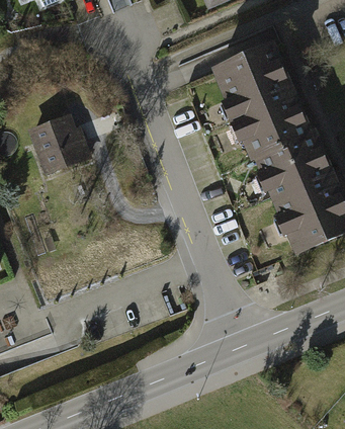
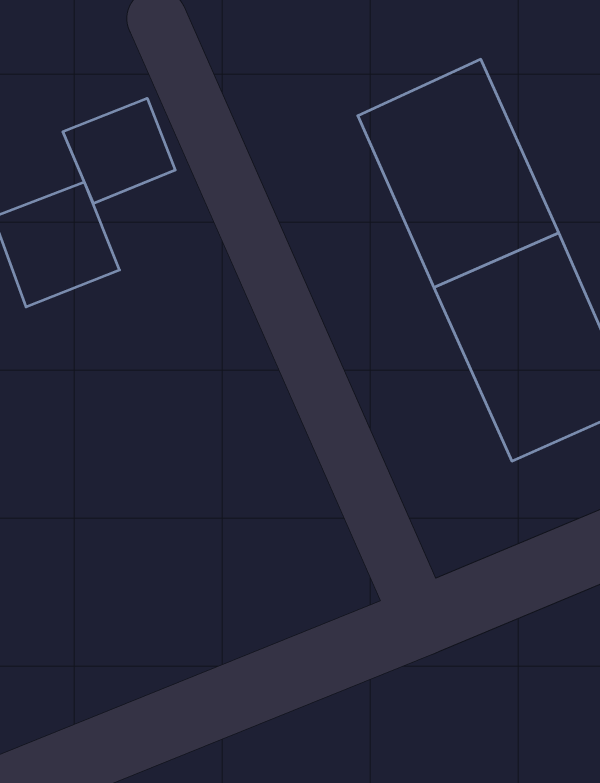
building: none -> [63,98,175,203]

